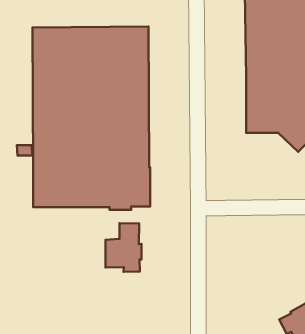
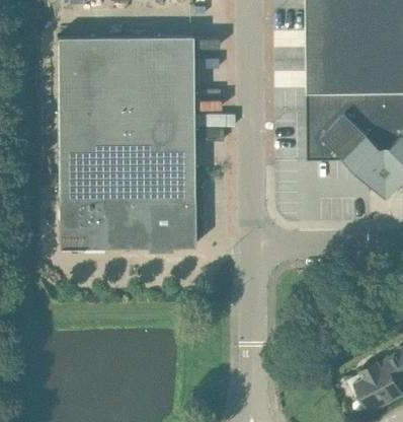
building: [105,223,142,272] -> none

